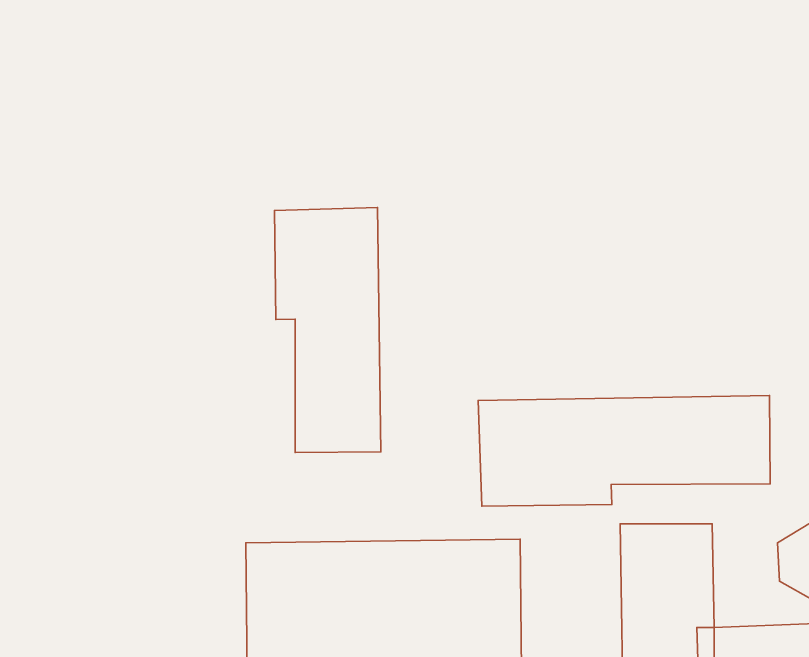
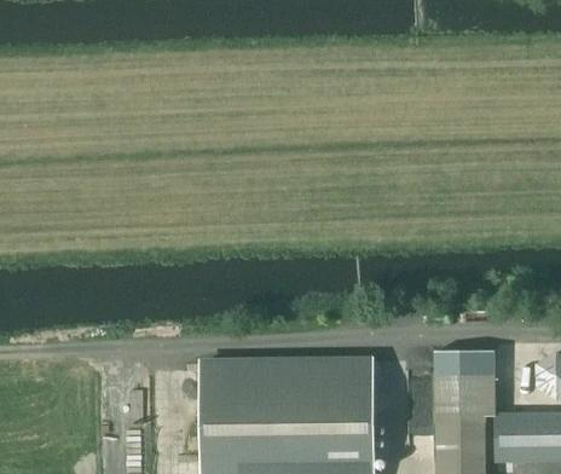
building: [275,207,381,452] -> none
building: [478,396,770,506] -> none

